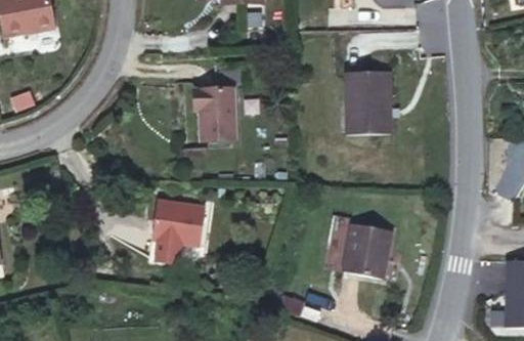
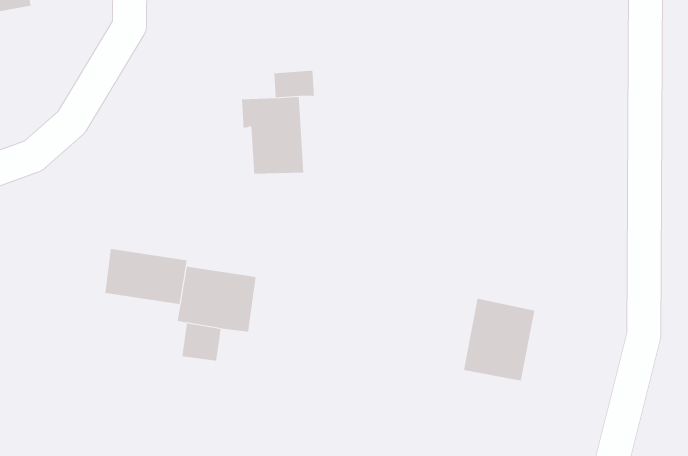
building: [346,72,391,134] -> none
building: none -> [105,248,187,305]

